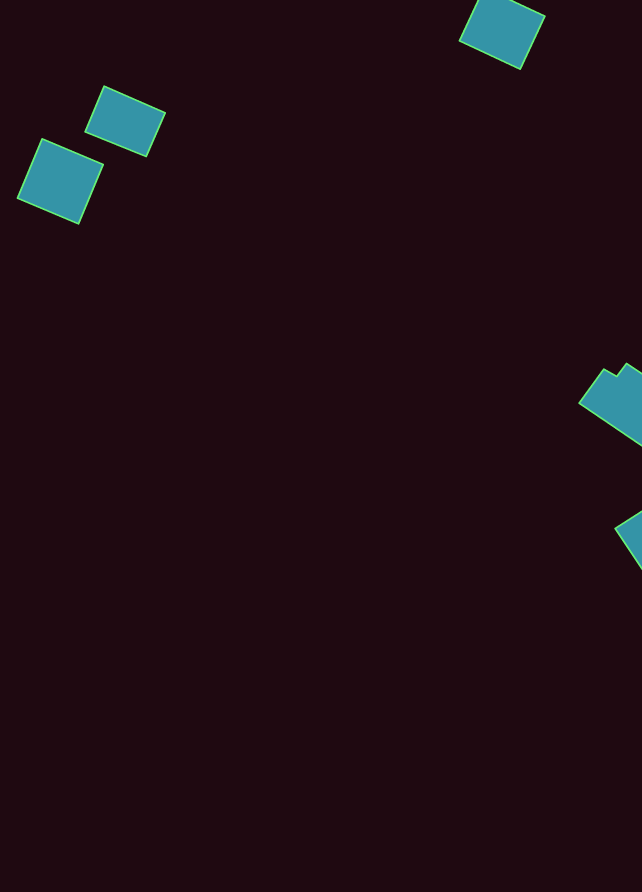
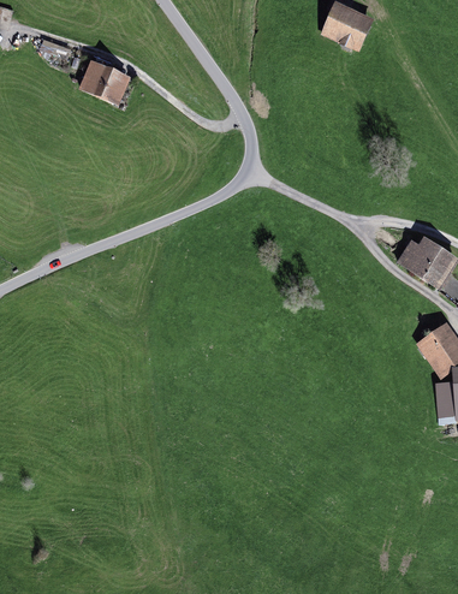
building: [17,139,103,224] -> none

